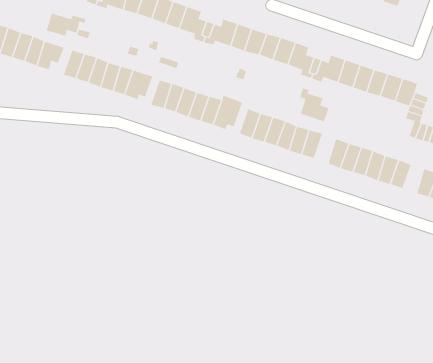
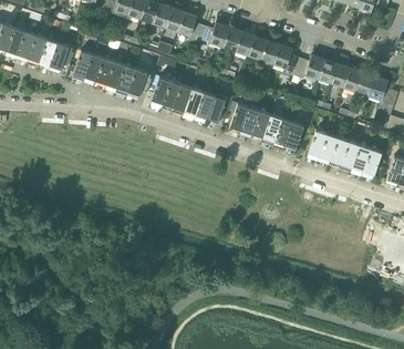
building: [46,13,86,37] -> none
building: [300,88,329,122] -> none

